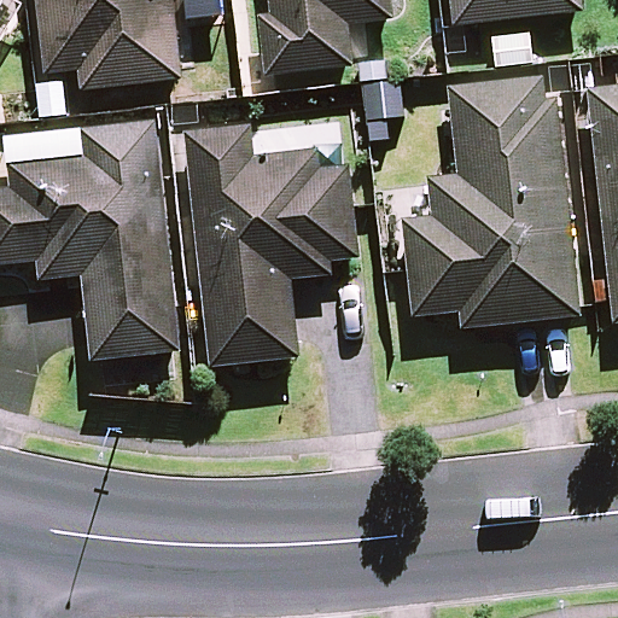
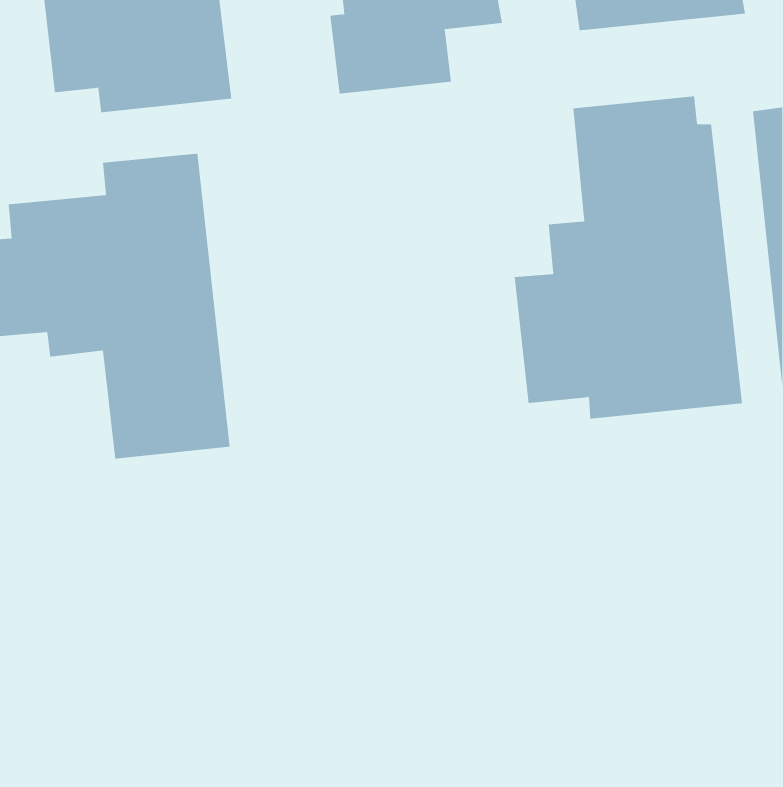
building: [182,123,358,366] -> none

